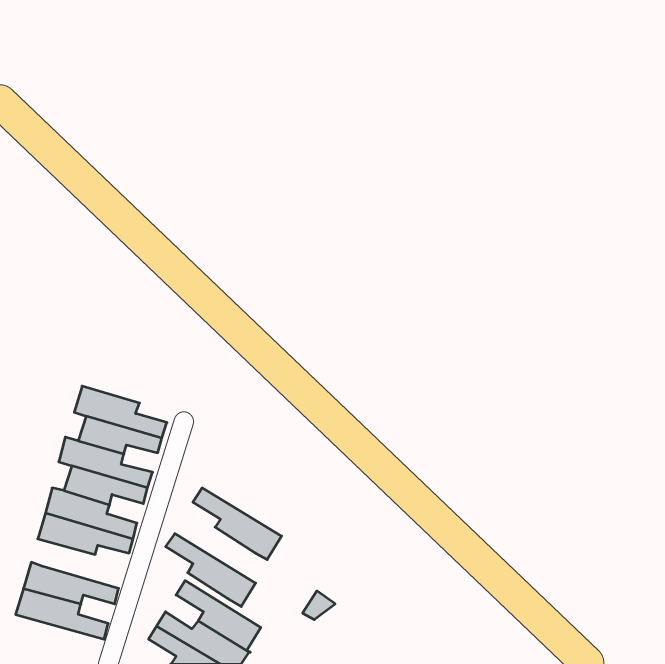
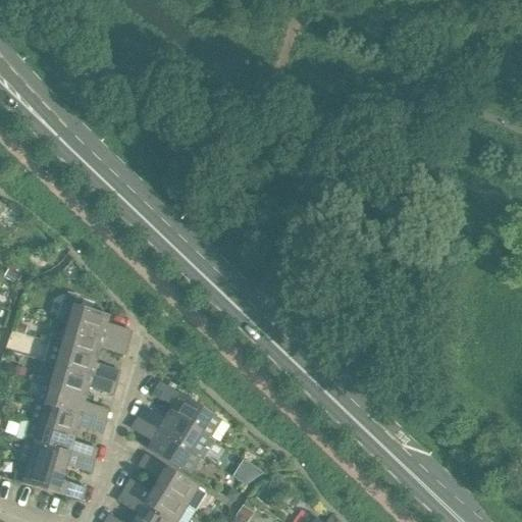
building: none -> [138,406,201,456]
building: none -> [31,421,97,460]

